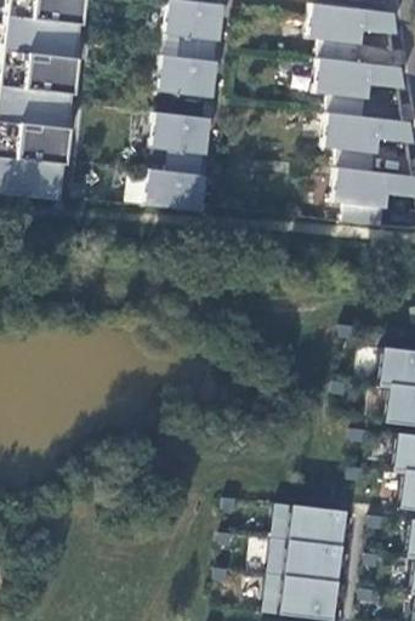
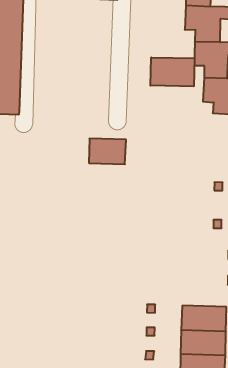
building: [161,55,220,97] -> none
building: [155,112,212,154] -> none
building: none -> [150,57,194,86]
building: [148,169,206,211] -> [89,139,126,164]

